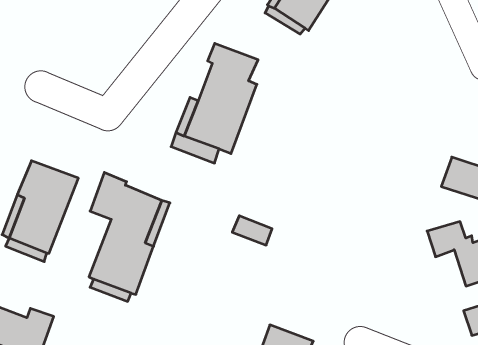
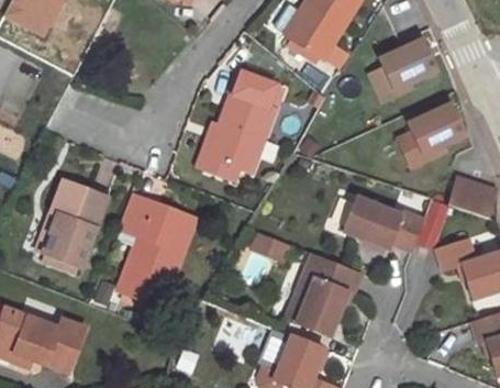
building: none -> [378,40,434,90]
building: none -> [407,104,462,154]
building: none -> [341,197,422,252]
building: none -> [284,253,358,335]

